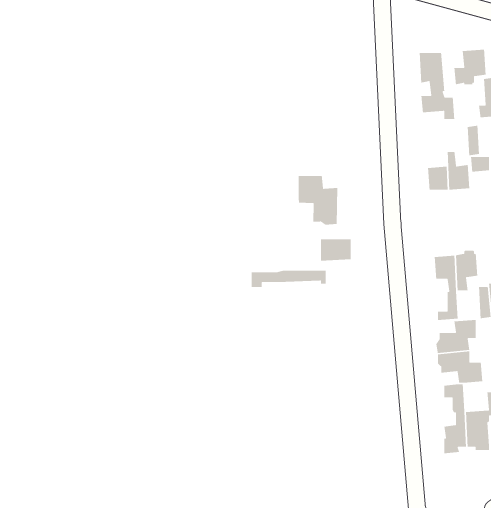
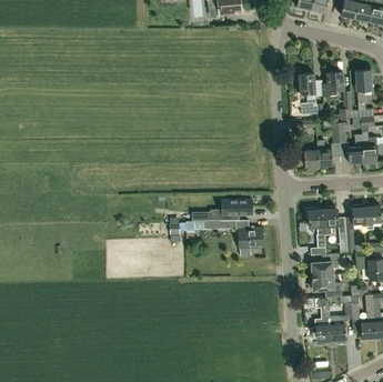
building: [298,175,338,225] -> none
building: none -> [239,228,263,255]

